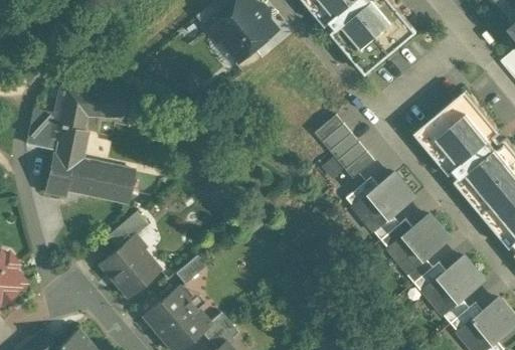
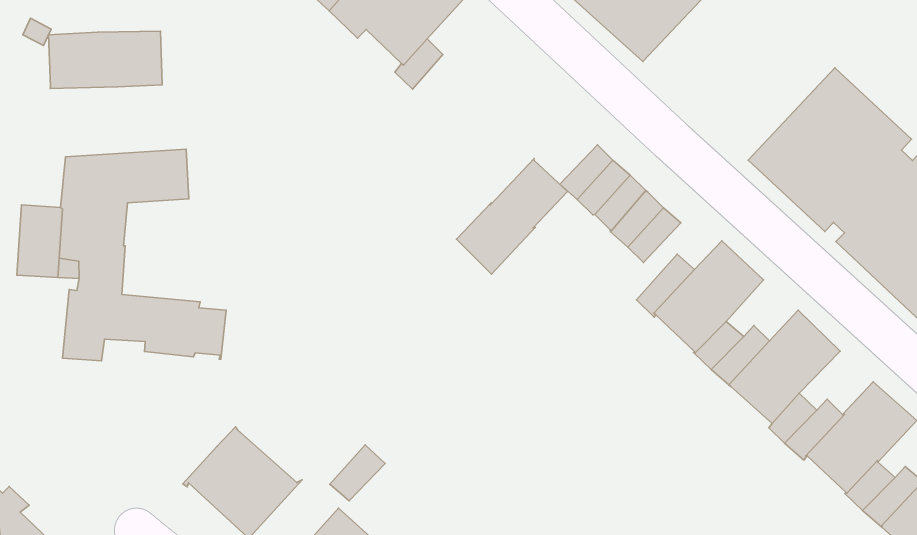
building: none -> [49,31,162,89]
building: none -> [457,158,568,274]
building: [110,212,149,247] -> none

